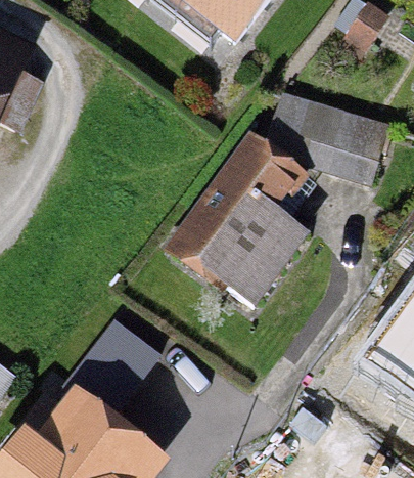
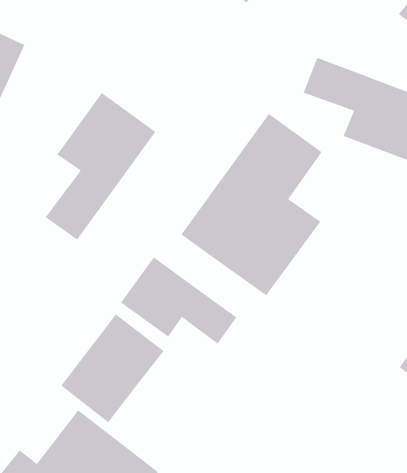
building: none -> [45,92,156,240]
building: none -> [120,256,237,344]

